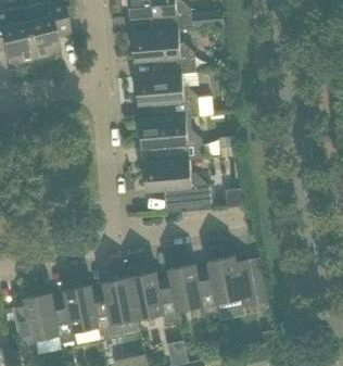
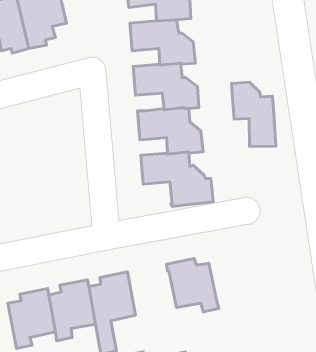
building: none -> [232,82,276,146]
building: [207,255,258,306] -> none
building: [130,270,180,323] -> none

